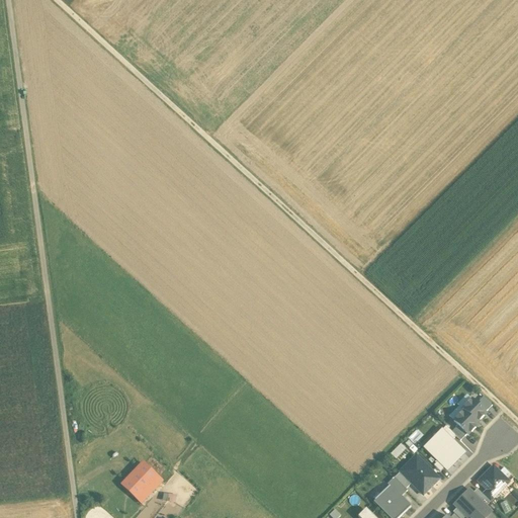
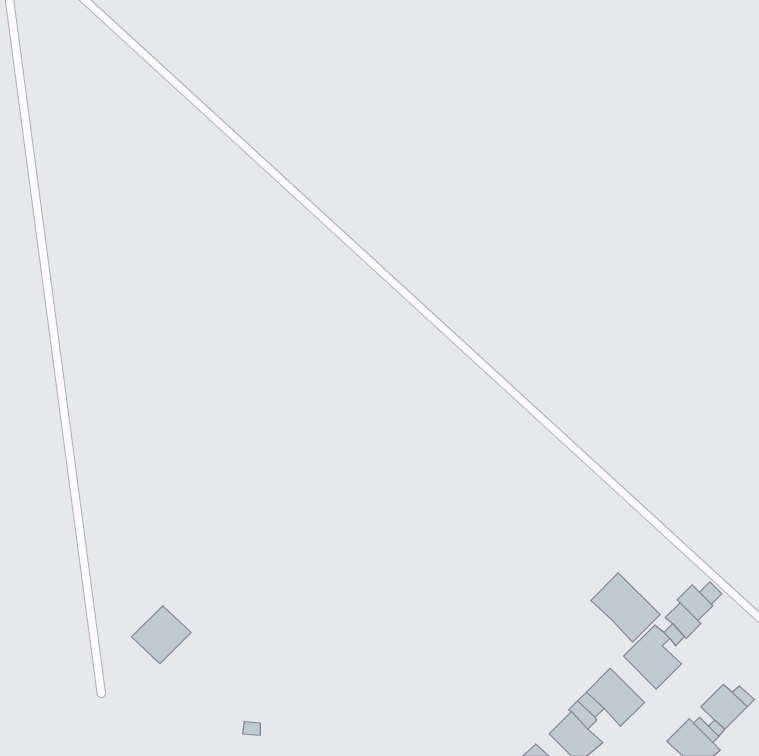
building: none -> [591,573,660,642]
building: [120,462,161,502] -> [131,606,191,664]

